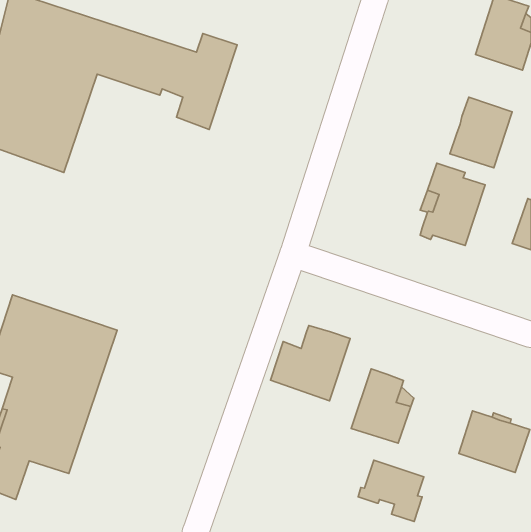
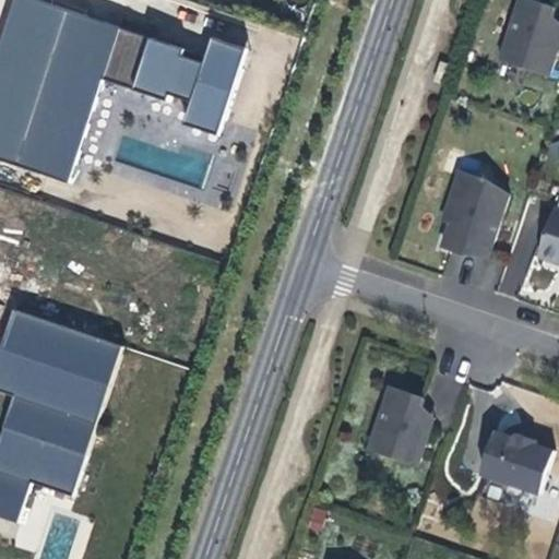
building: [450,97,512,168] -> none
building: [271,325,350,401] -> none
building: [358,460,424,521] -> none

